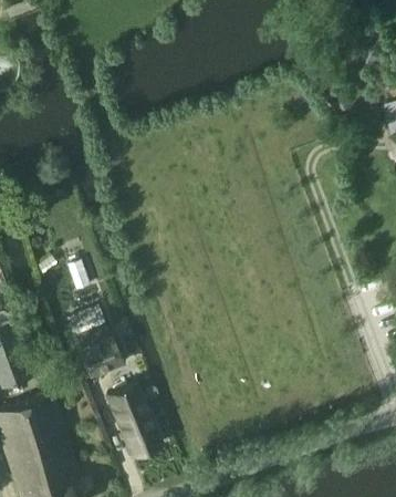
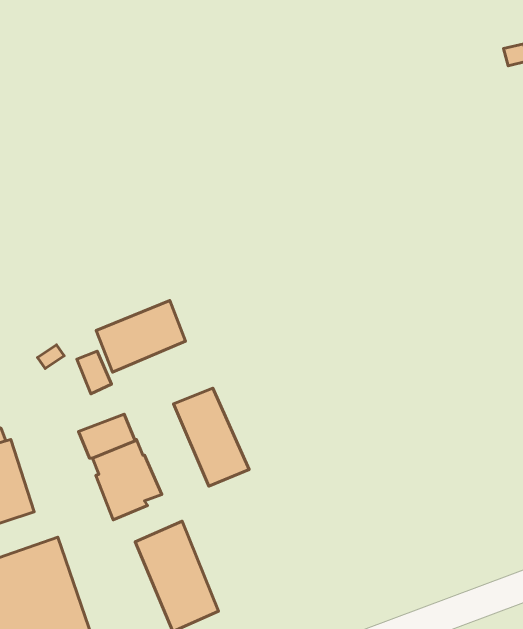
building: none -> [96,300,185,372]
building: none -> [173,388,249,486]

